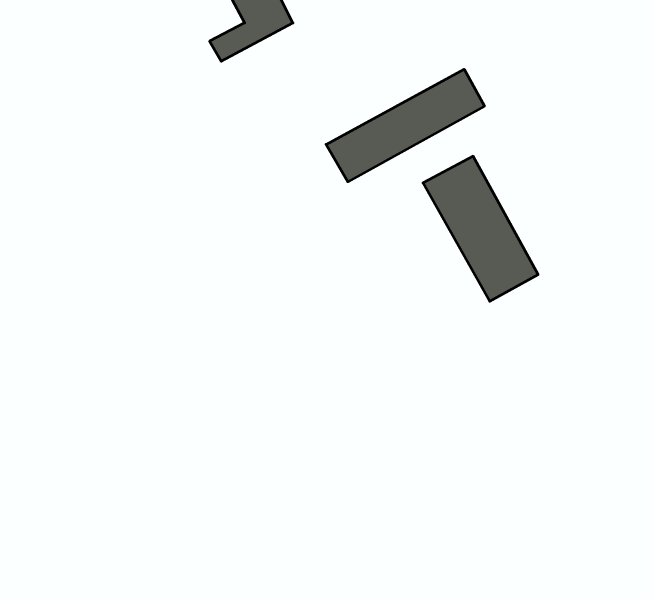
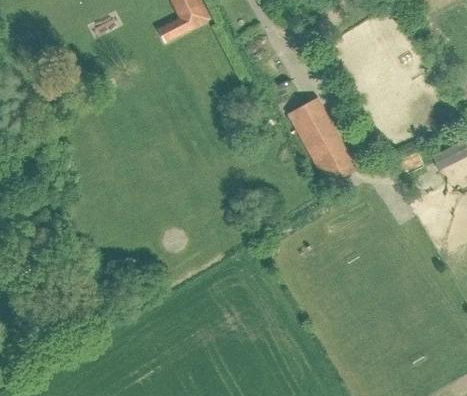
building: [326,69,484,182] -> none

